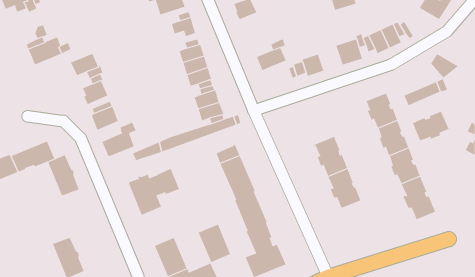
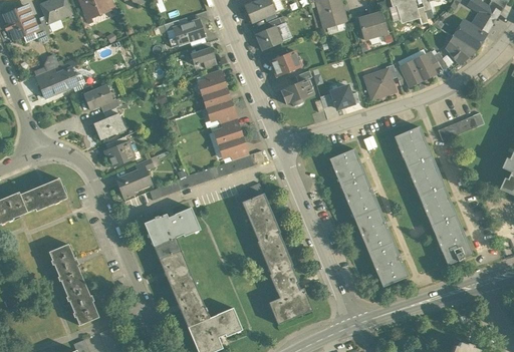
building: none -> [269,50,300,77]
building: [430,54,458,79] -> [445,37,475,63]
building: [412,111,450,144] -> none
building: none -> [329,149,363,184]
building: [47,155,79,196] -> [48,244,82,288]
building: none -> [367,242,407,286]
building: [198,224,231,263] -> [158,249,193,290]

